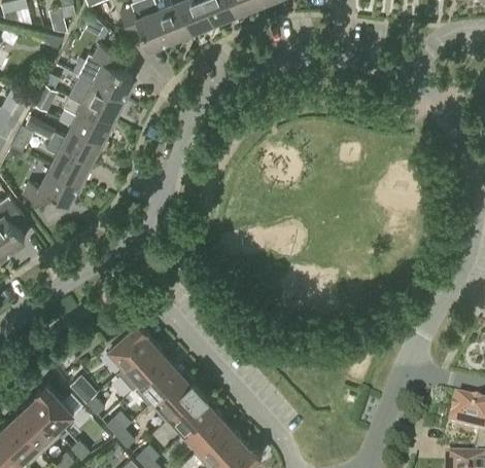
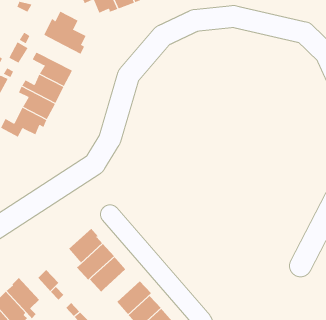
building: [68,77,126,122] -> none
building: [153,373,201,422] -> none

